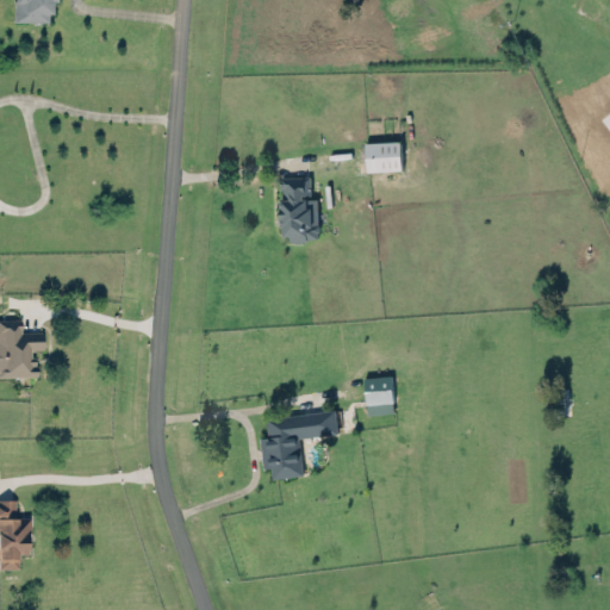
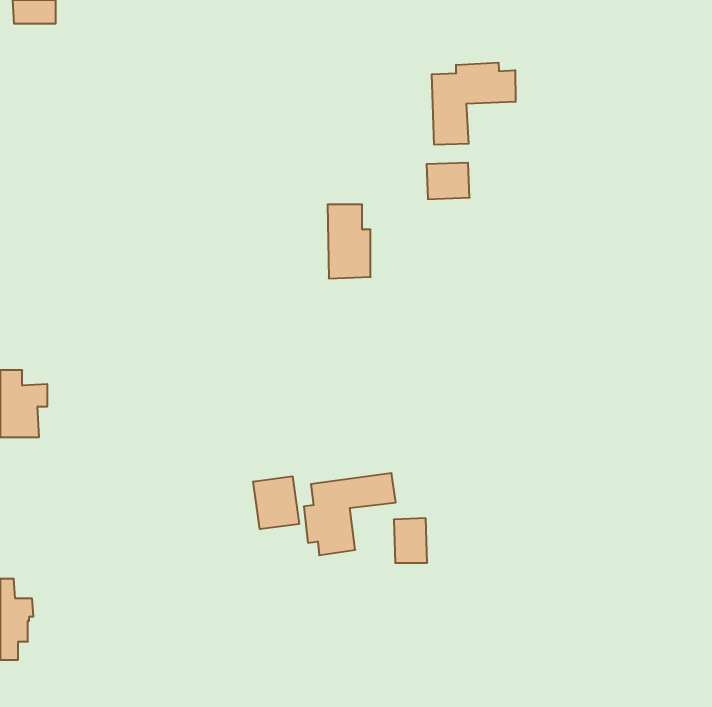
building: none -> [432,63,515,145]
building: [365,378,393,416] -> [394,518,427,563]
building: none -> [253,476,299,529]

